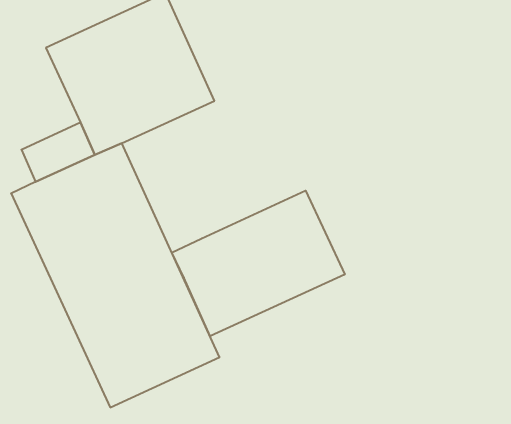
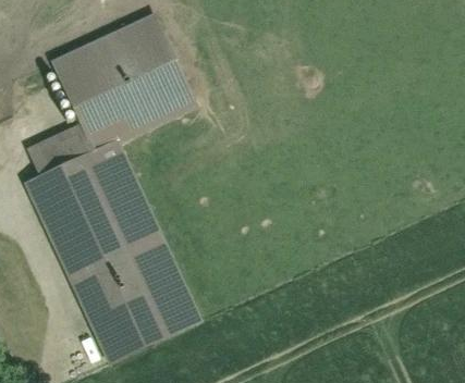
building: [172,191,345,336] -> none

